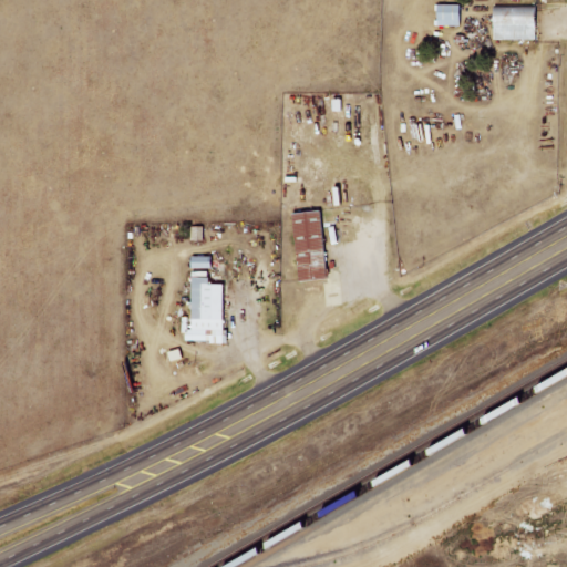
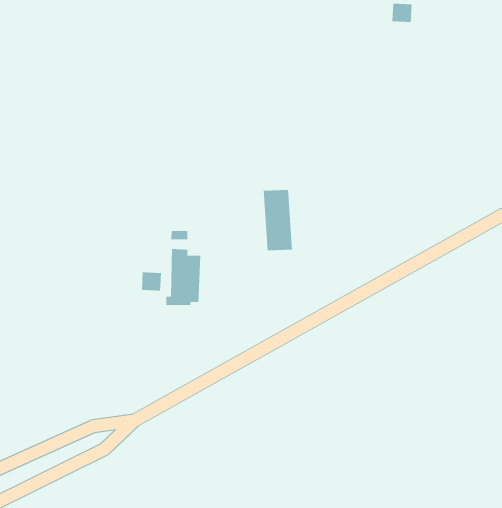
building: [492,13,535,39] -> none
building: none -> [141,272,162,291]

